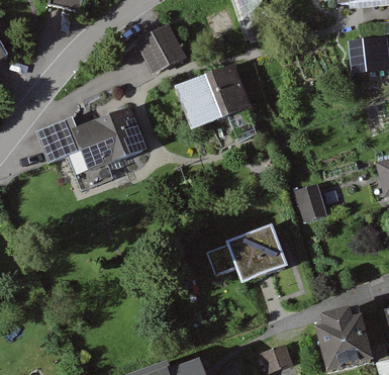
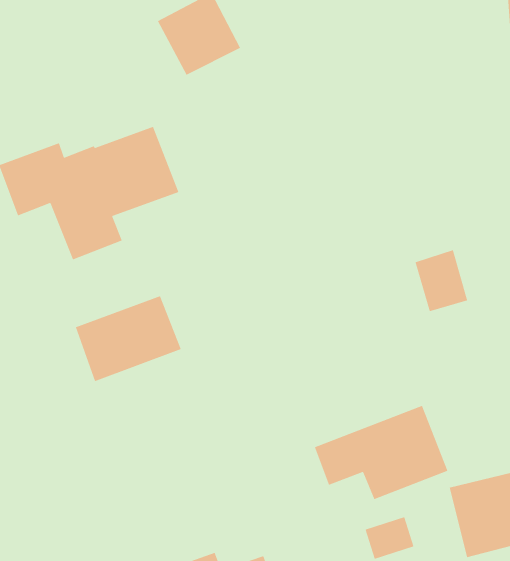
building: [177,68,252,131] -> none
building: none -> [75,295,182,382]
building: [204,220,288,280] -> [314,405,448,500]

